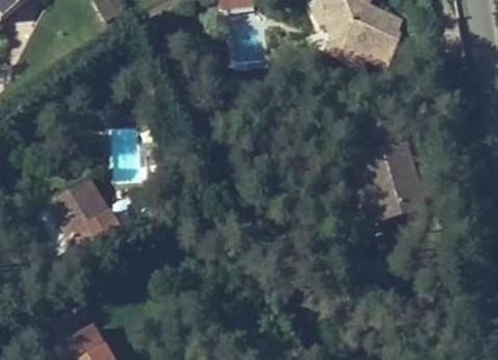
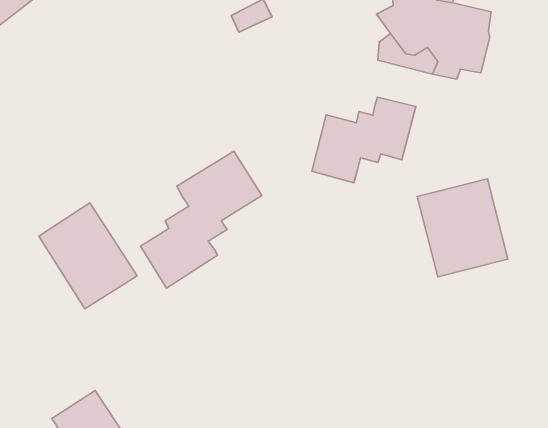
building: none -> [312,97,416,183]
building: none -> [140,151,262,288]

